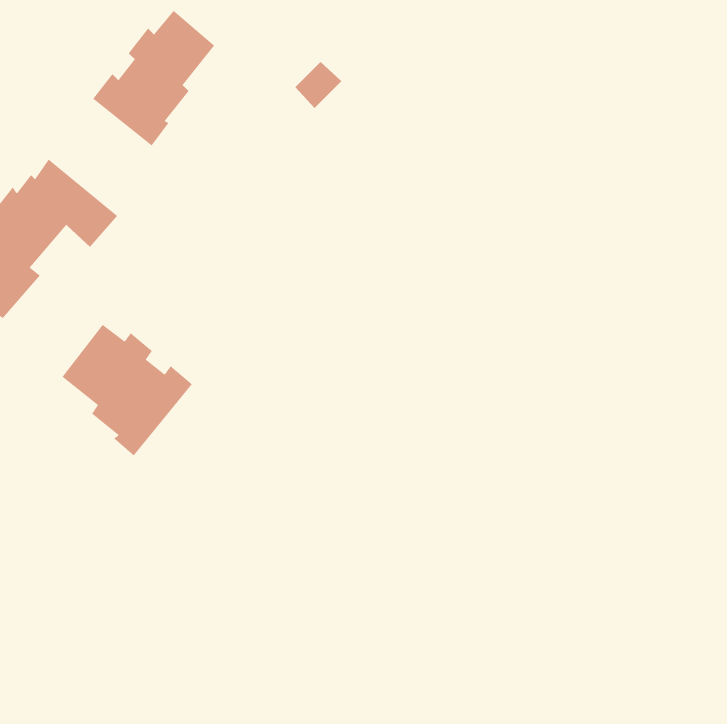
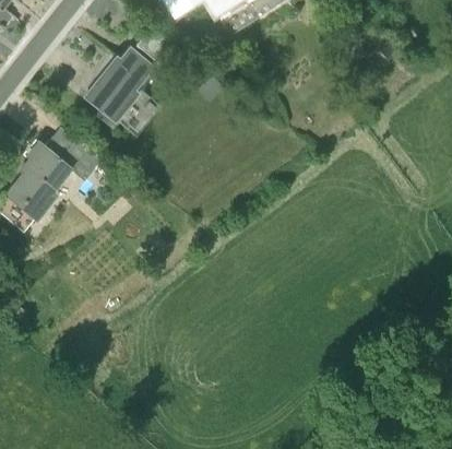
building: [61,324,193,456] -> none

